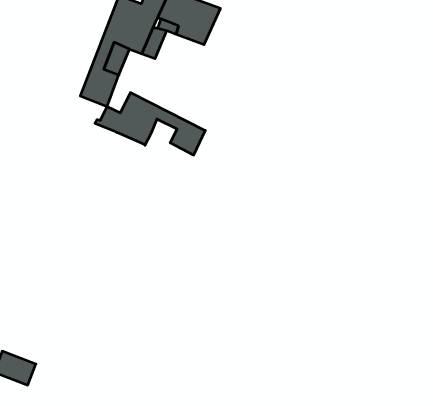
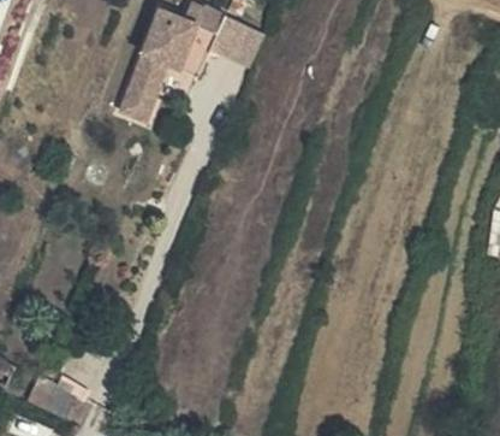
building: [95,93,205,155] -> none

